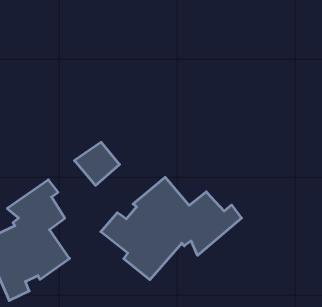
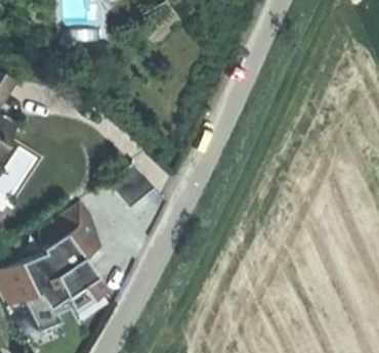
building: [101,177,242,280] -> none

